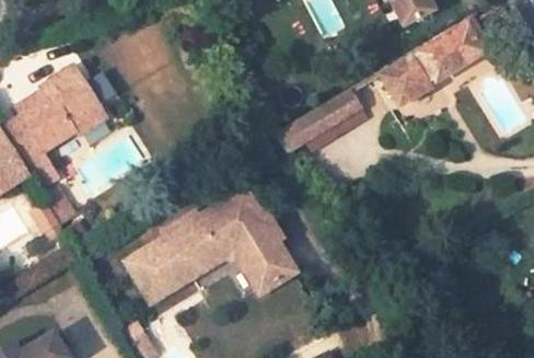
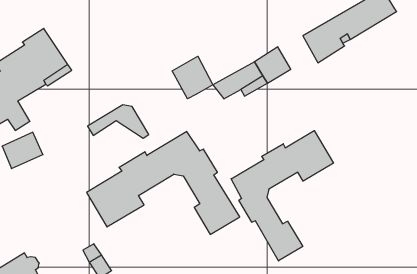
building: none -> [172,56,213,99]
building: none -> [231,131,334,261]
building: [187,239,259,278] -> [88,105,149,138]

